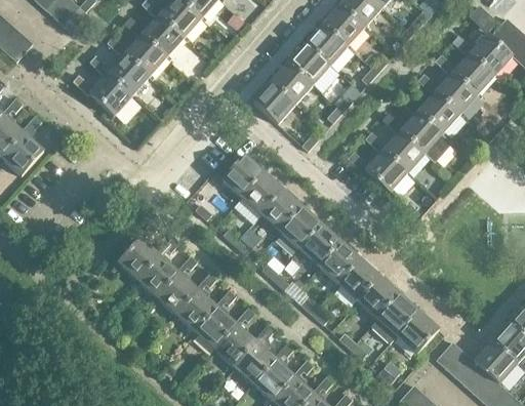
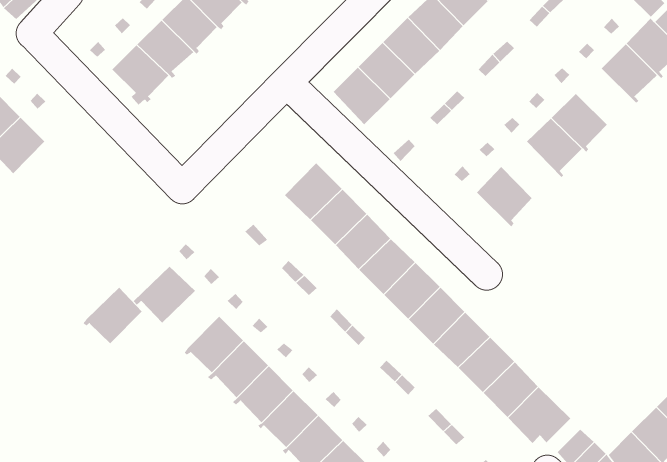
building: [435,72,480,116] -> none
building: [382,129,428,174] -> none
building: [135,254,179,297] -> [82,287,143,344]

